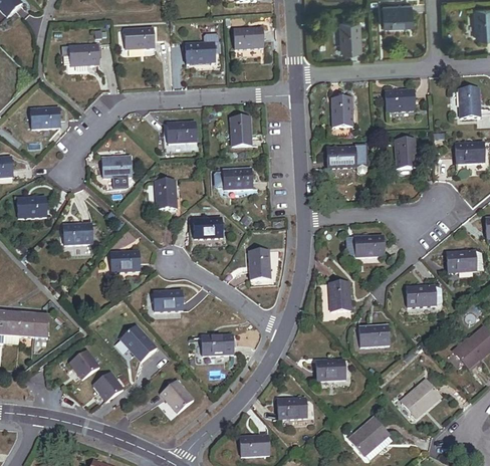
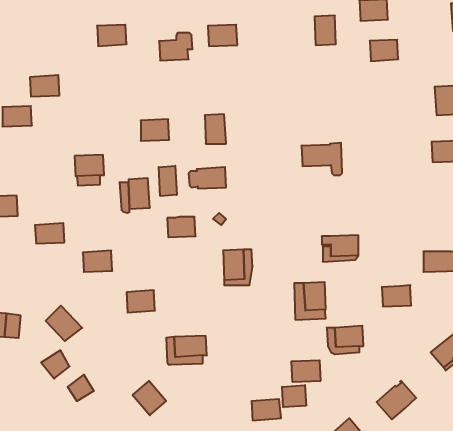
building: [69,44,98,65] -> [30,75,59,97]
building: [386,89,414,110] -> [370,40,398,61]
building: [330,97,352,127] -> none
building: [395,139,416,168] -> none
building: none -> [159,166,177,196]
building: [120,324,157,360] -> [46,306,82,341]
building: none -> [282,385,306,407]

